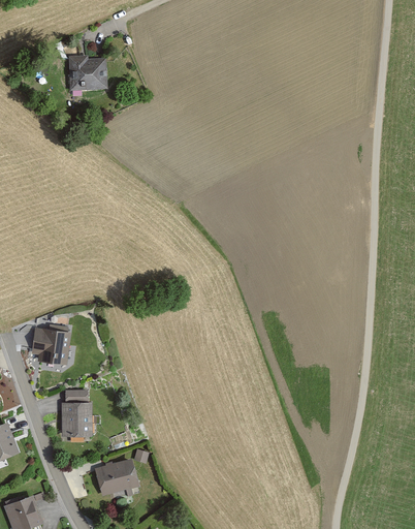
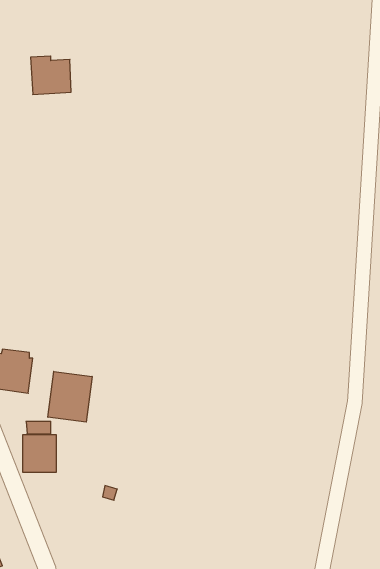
building: none -> [48,371,92,422]
building: [95,459,138,495] -> none

